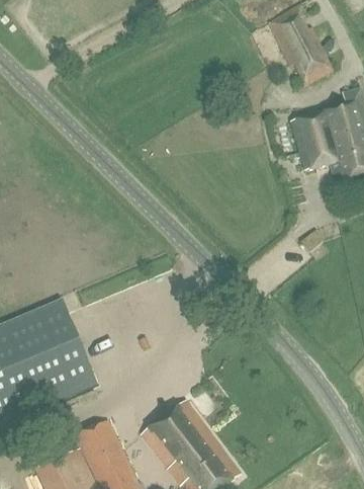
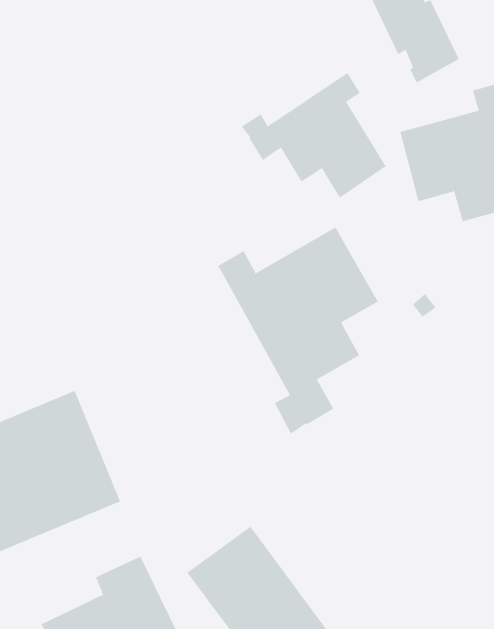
building: none -> [241,72,386,198]
building: none -> [217,226,379,434]

